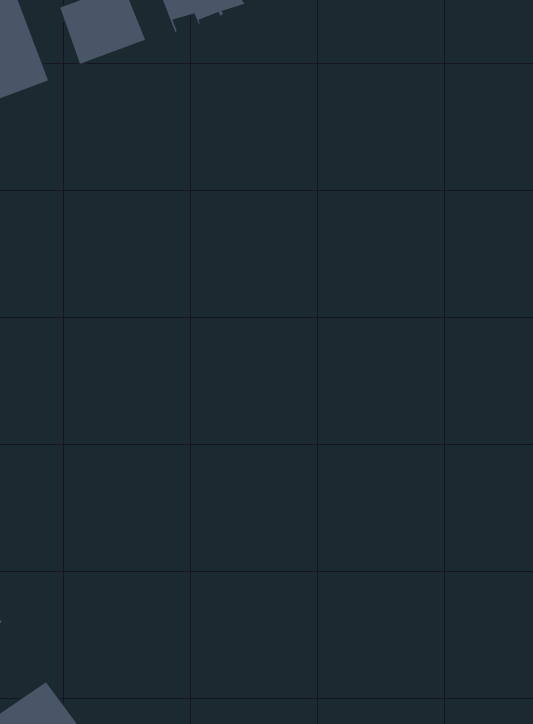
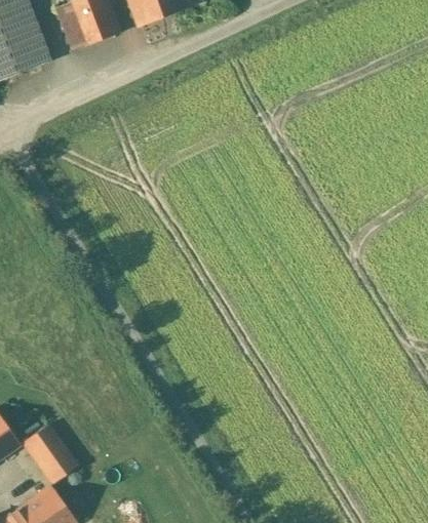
building: none -> [21,424,76,483]

